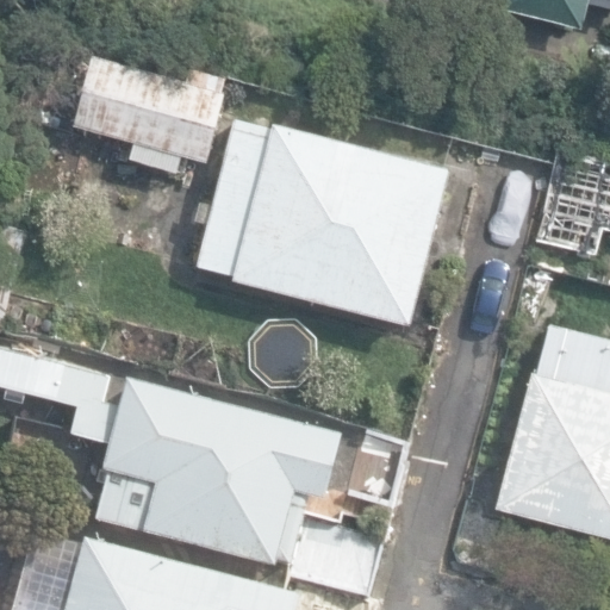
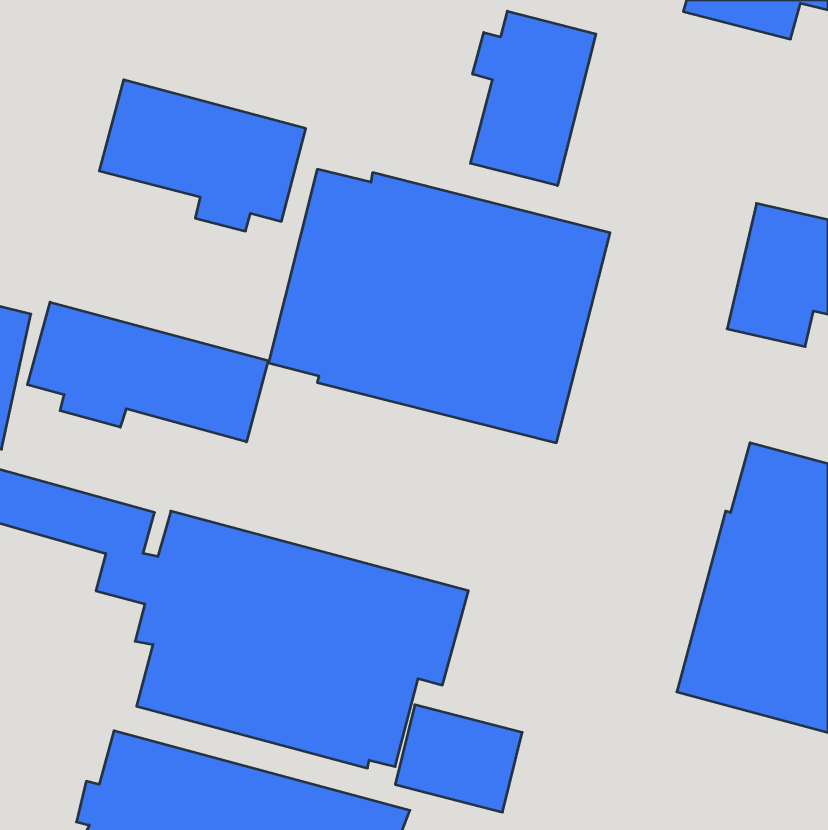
building: none -> [470,11,596,186]
building: none -> [27,302,268,442]

